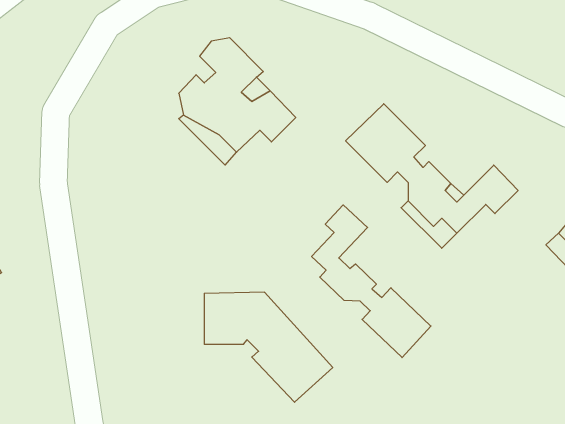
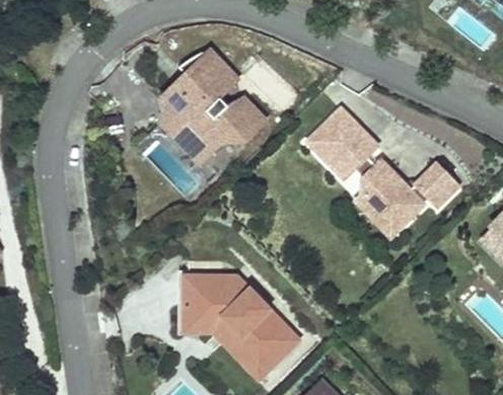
building: [312,205,431,358] -> none
building: none -> [185,315,264,377]

